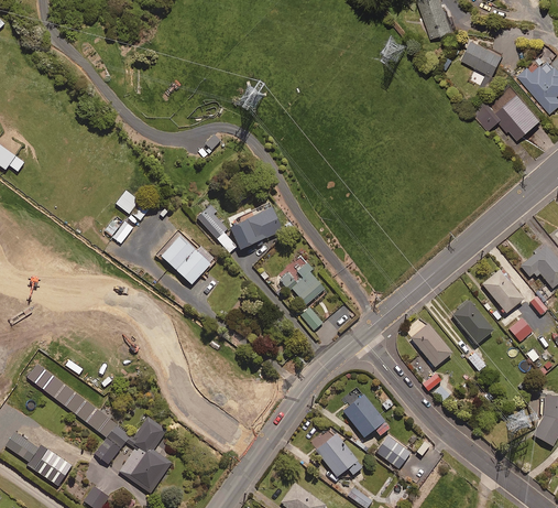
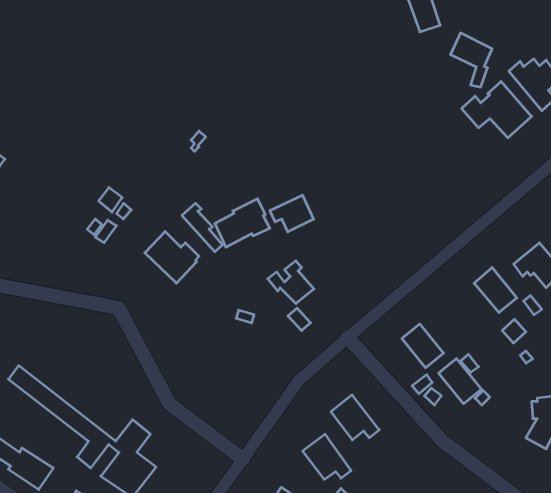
building: none -> [270,195,314,232]
building: [451,300,493,344] -> [439,359,481,404]
building: [376,435,411,468] -> none

